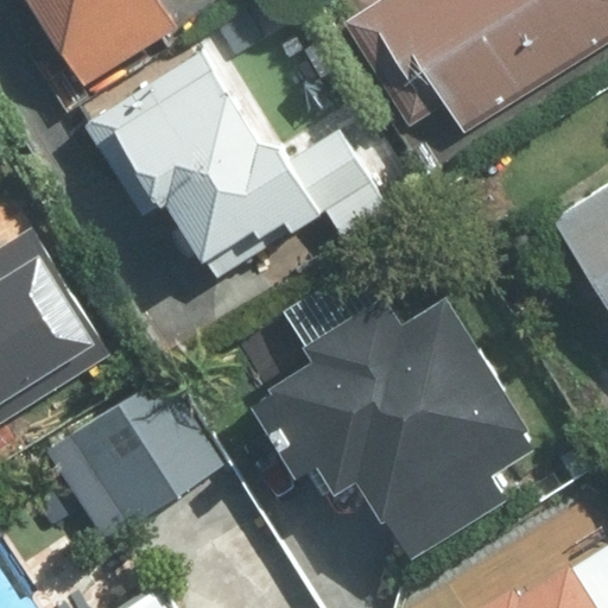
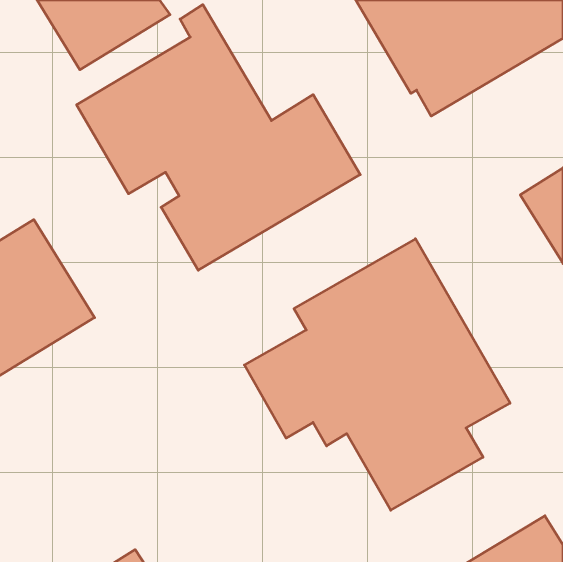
building: [42,376,220,545] -> none

